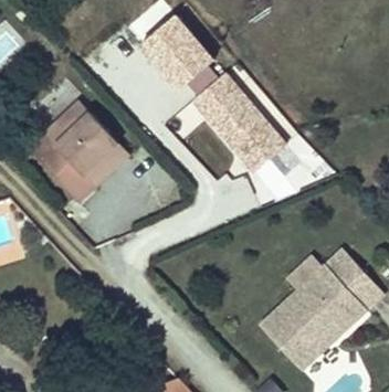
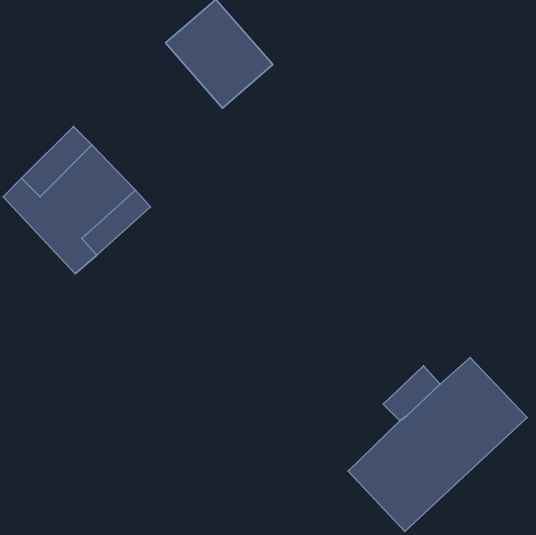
building: [191,72,285,170] -> none

